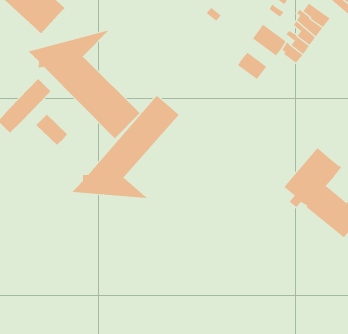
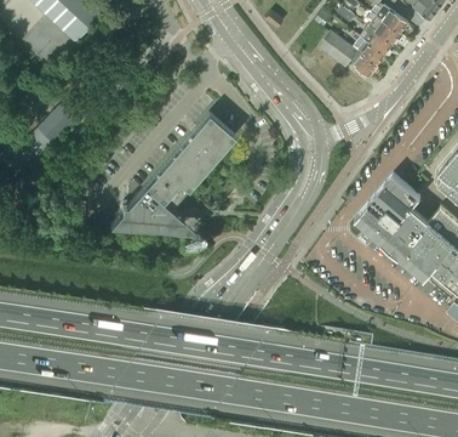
building: [28,29,141,139] -> none
building: [237,52,267,80] -> none
building: [36,114,68,145] -> none

